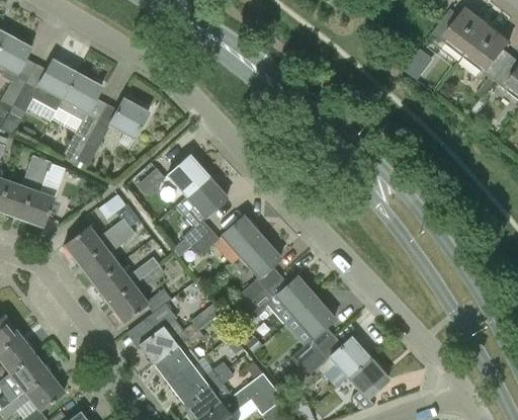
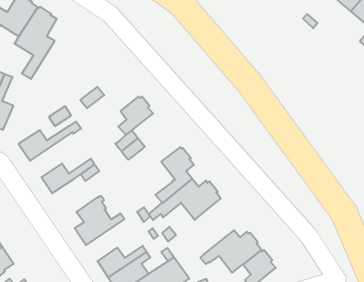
building: [74,97,148,167] -> none
building: [167,156,207,196] -> none
building: [221,216,262,256] -> none
building: [78,226,135,283] -> none
building: [107,284,148,323] -> none
building: [289,298,334,367] -> none
building: [153,330,203,384] -> none

